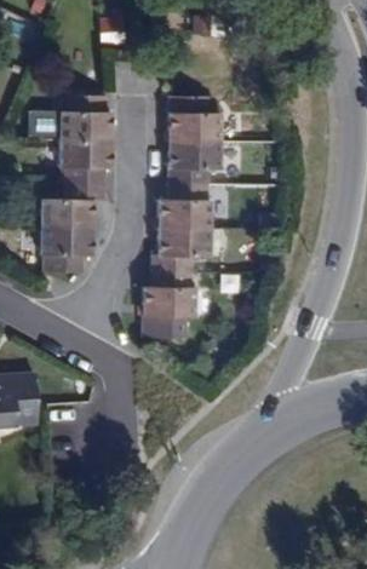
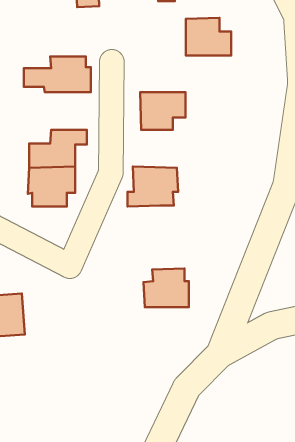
building: [168,97,220,140] -> [186,18,231,56]
building: [58,140,111,184] -> none
building: [160,184,211,228] -> none
building: [144,271,196,316] -> [144,268,189,307]

